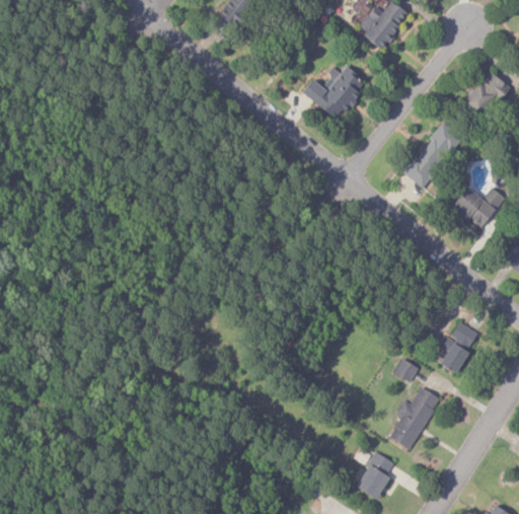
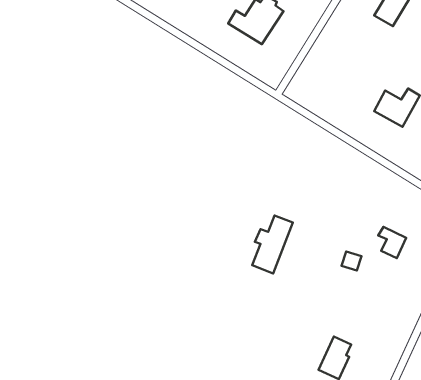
building: [403,124,461,187] -> none
building: [451,323,477,349] -> none
building: [389,386,440,450] -> [252,215,293,273]

